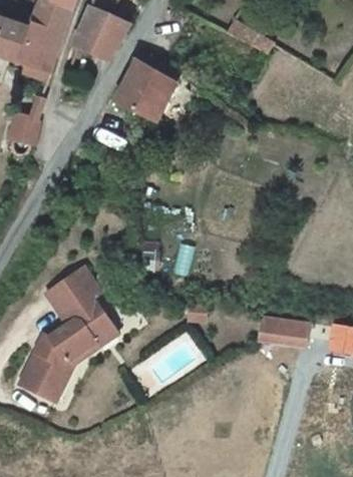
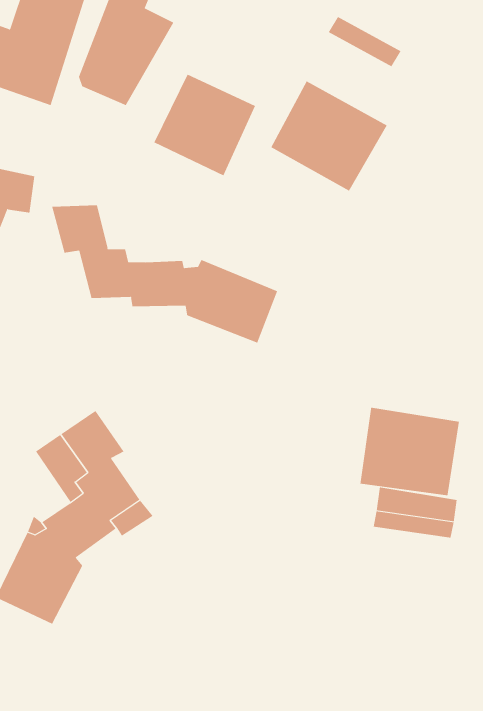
building: none -> [271,80,388,192]
building: none -> [52,204,278,344]
building: none -> [360,407,460,496]

